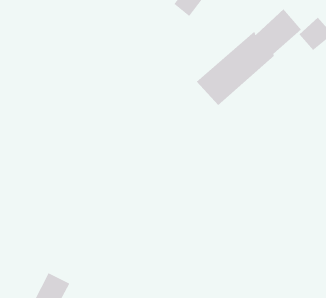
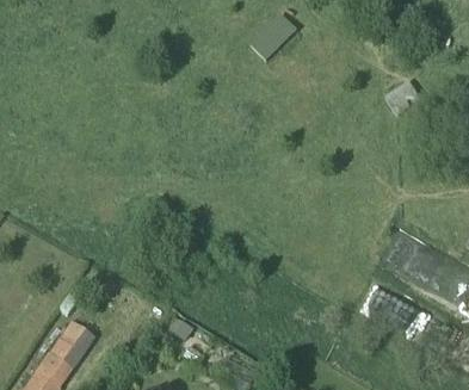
building: [196,9,302,106] -> none

